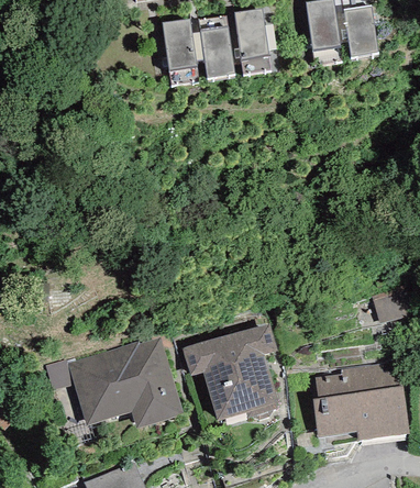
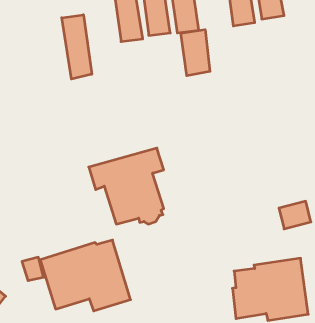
building: none -> [62,15,92,79]
building: none -> [181,30,210,76]
building: [183,323,278,420] -> [89,148,164,224]

